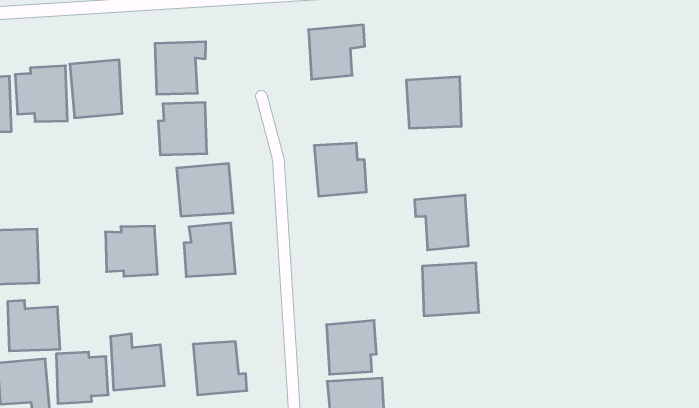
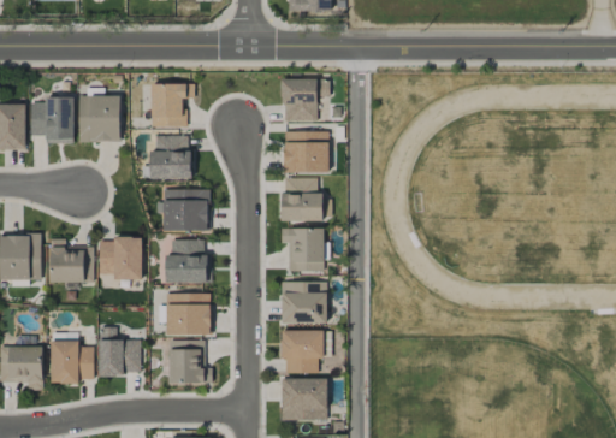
building: [406,77,461,128] -> [283,131,328,173]
building: [415,195,468,250] -> [279,227,322,272]
building: [422,263,479,316] -> [279,282,326,324]
building: none -> [165,292,211,336]
building: [8,300,60,351] -> [49,239,93,283]

